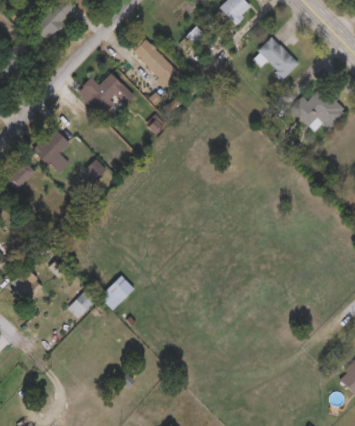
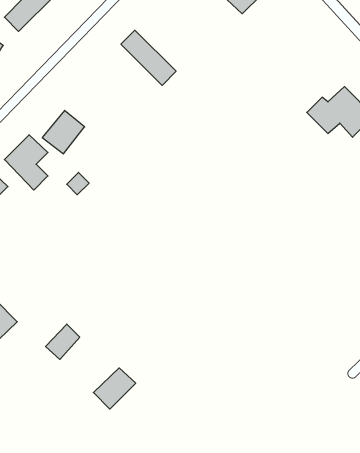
building: [256,37,298,78] -> none
building: [90,72,126,109] -> [42,110,85,154]
building: [99,276,135,311] -> [93,368,136,409]

